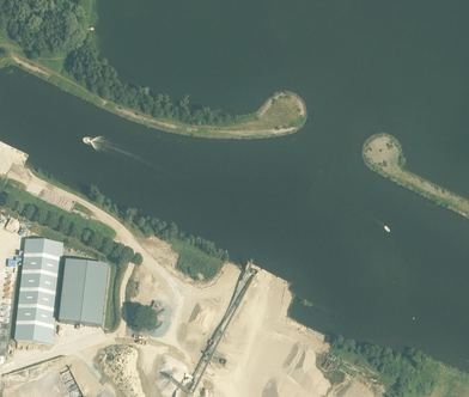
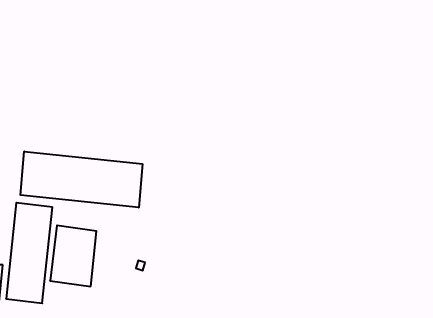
building: none -> [20,151,142,208]

